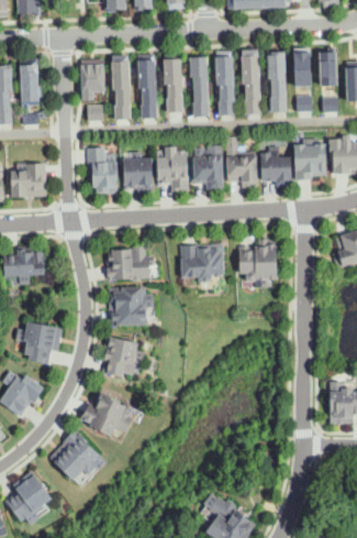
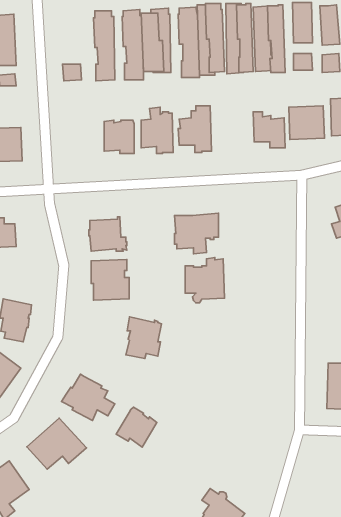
building: [81,61,101,98] -> none
building: [225,138,255,182] -> none
building: [87,147,116,194] -> none
building: [245,238,281,279] -> [185,258,224,303]
building: [103,338,136,376] -> [126,317,162,358]
building: none -> [116,407,157,447]

